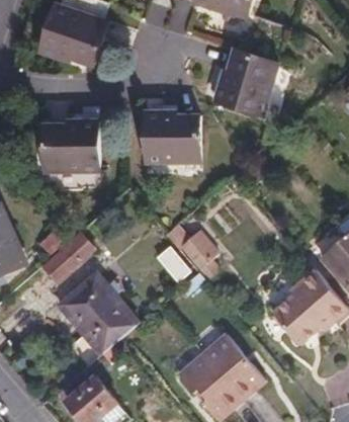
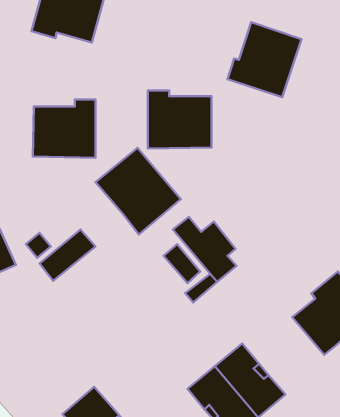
building: [62,272,138,349] -> [95,148,181,234]

